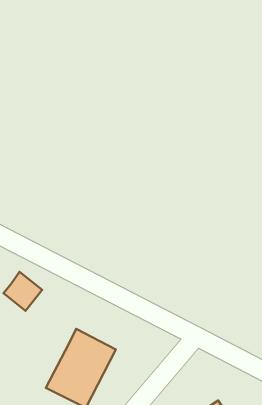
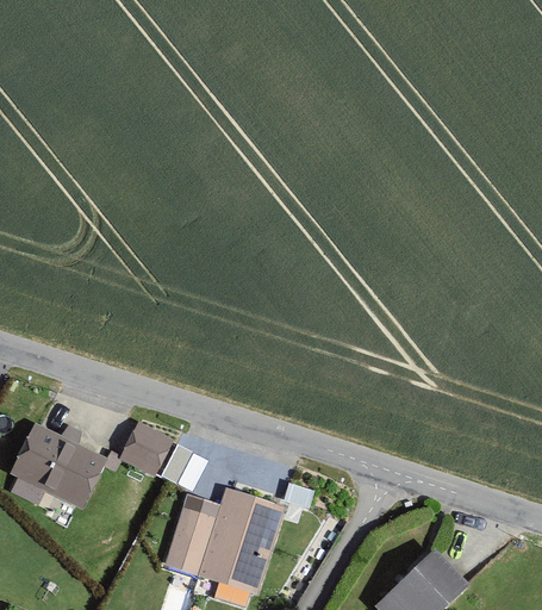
building: none -> [158,443,207,491]
building: none -> [164,497,219,574]

